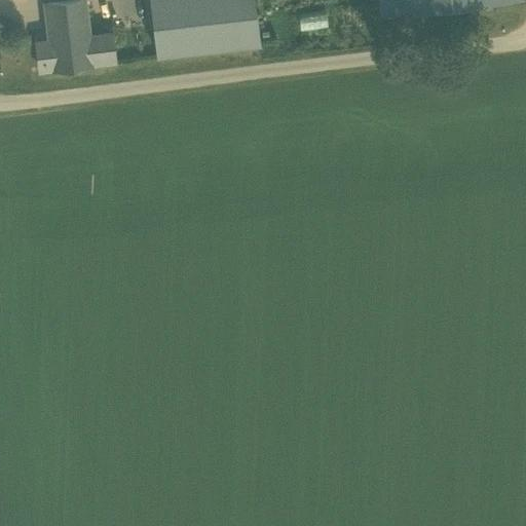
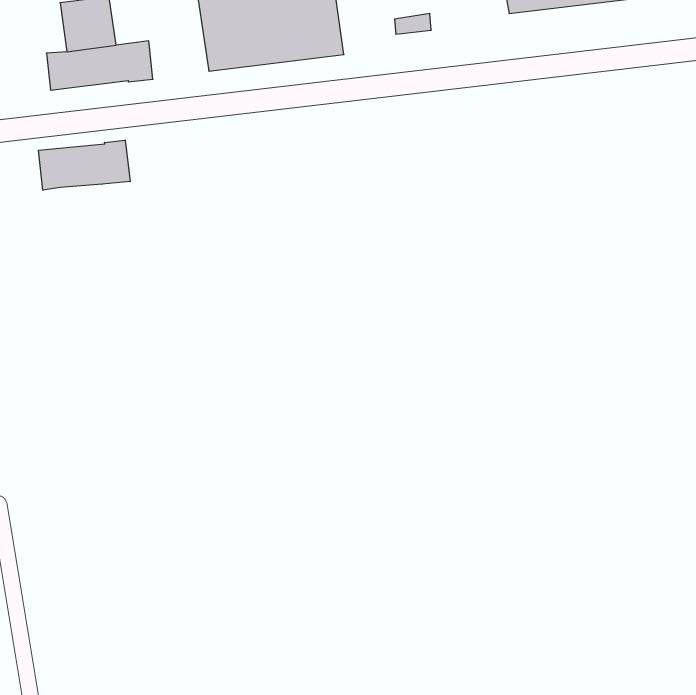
building: none -> [38,140,130,190]

